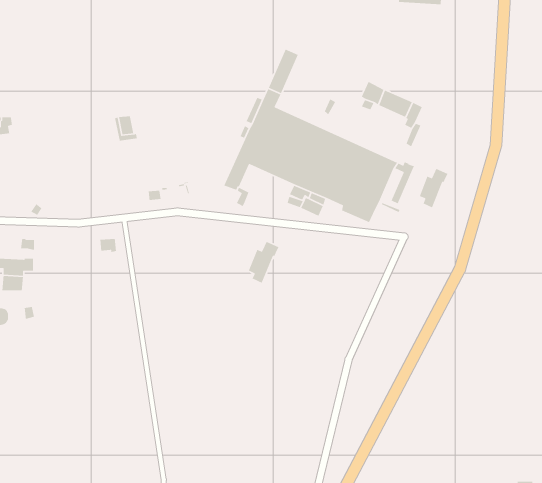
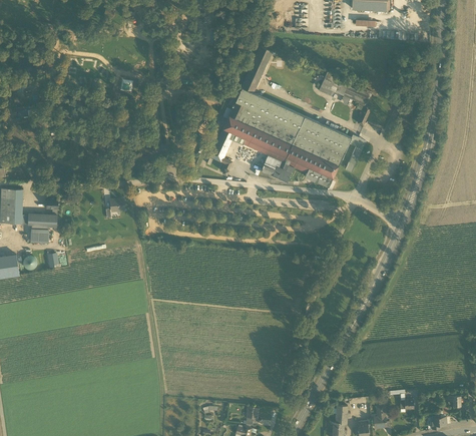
building: [419,168,448,208] -> none
building: [248,241,279,284] -> none

